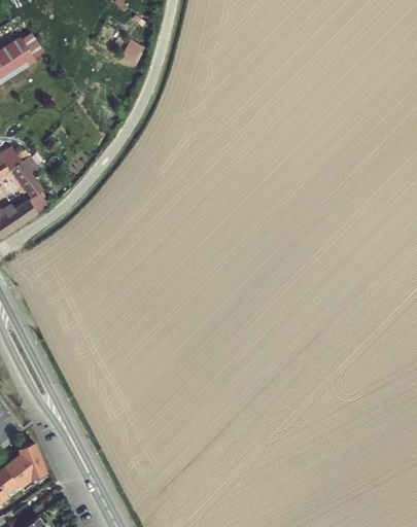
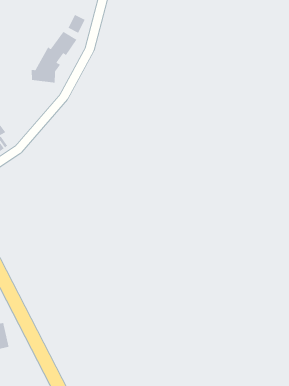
building: none -> [31,31,78,83]

